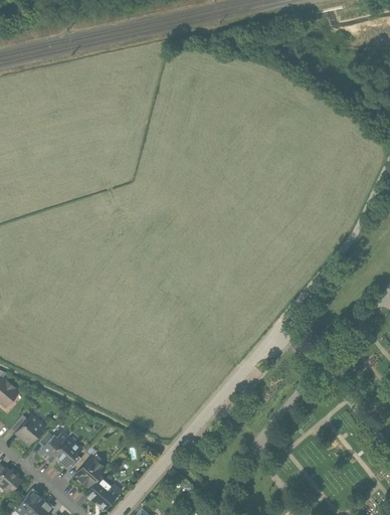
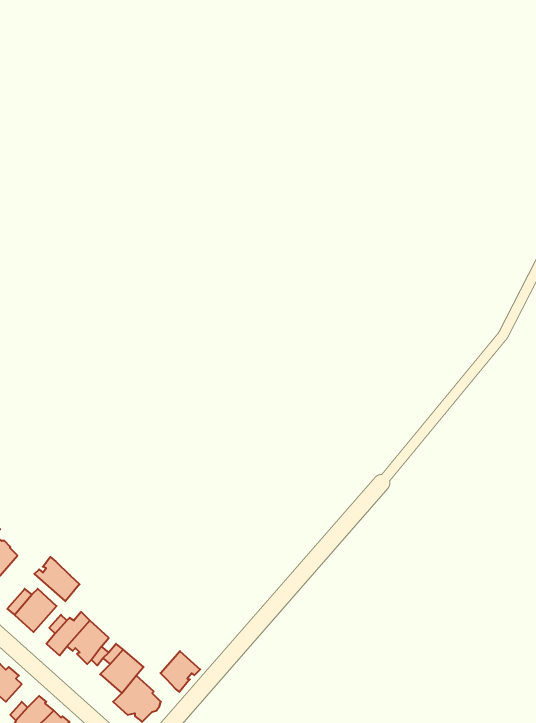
building: none -> [34,557,80,601]
building: none -> [160,651,200,692]

